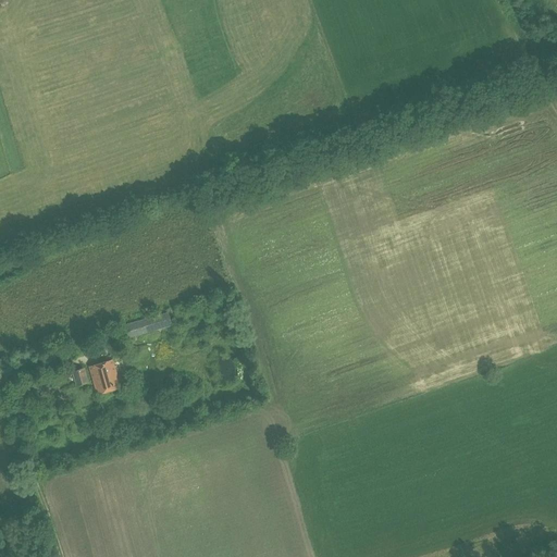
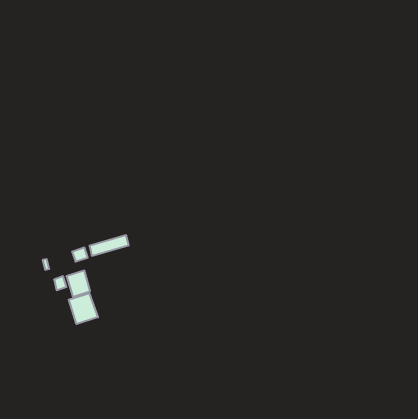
building: none -> [69,293,98,324]

